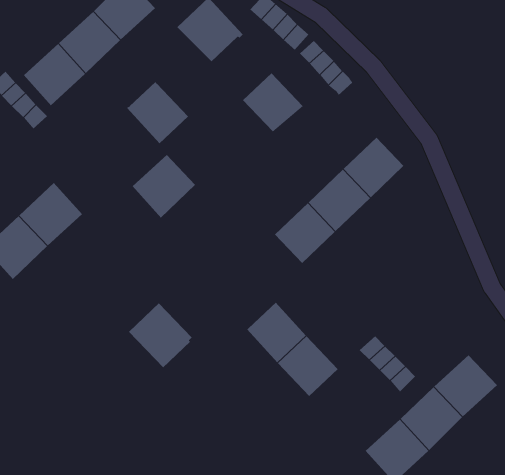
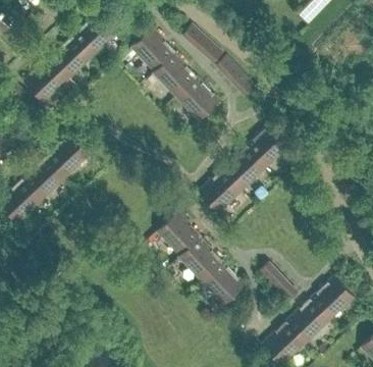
building: [126,81,189,144] -> [155,56,199,100]
building: [132,154,196,218] -> [47,135,92,179]
building: [128,303,192,368] -> [158,213,203,259]

